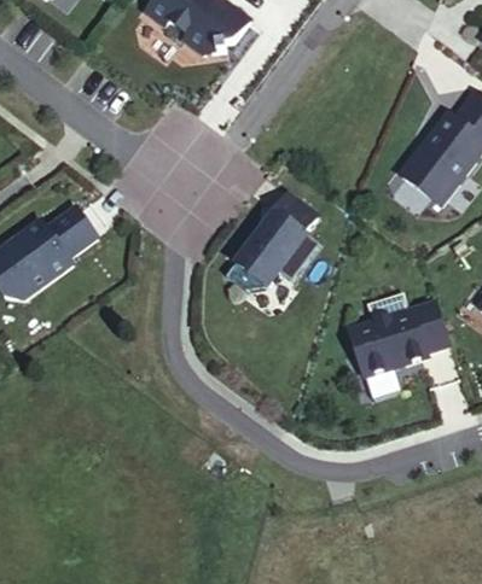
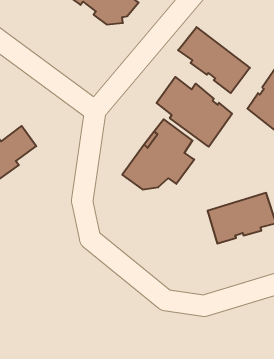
building: none -> [178,27,250,93]
building: none -> [157,77,232,147]

